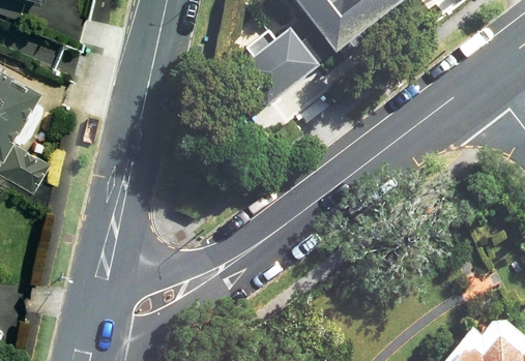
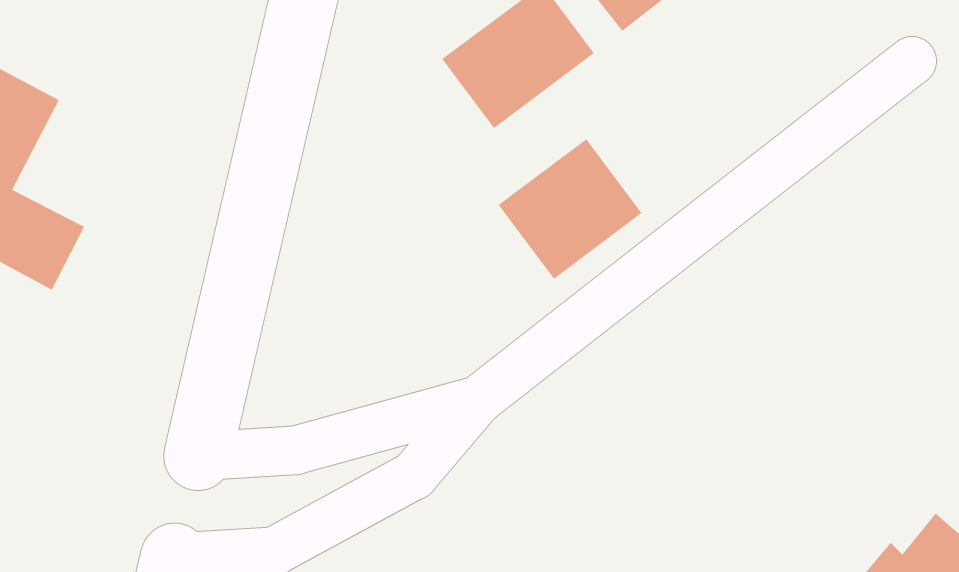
building: none -> [498,138,643,280]

